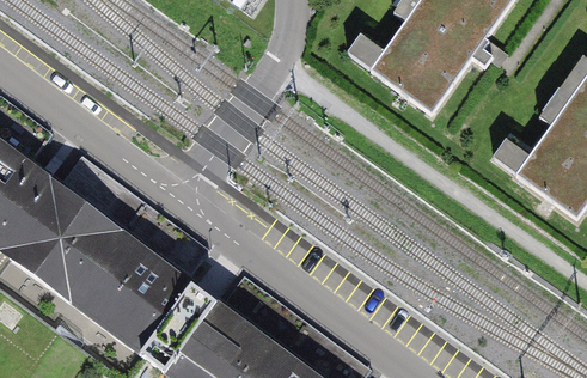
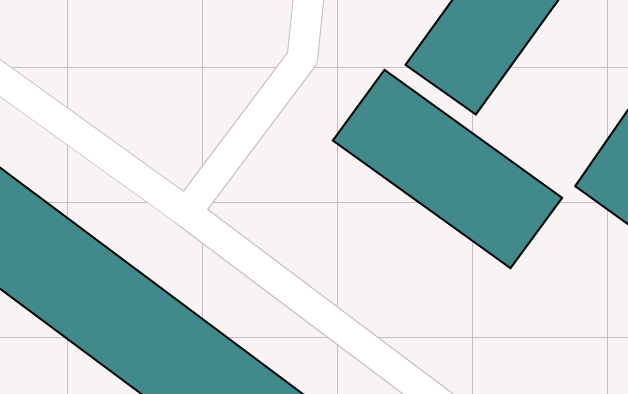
building: none -> [333,70,562,268]

